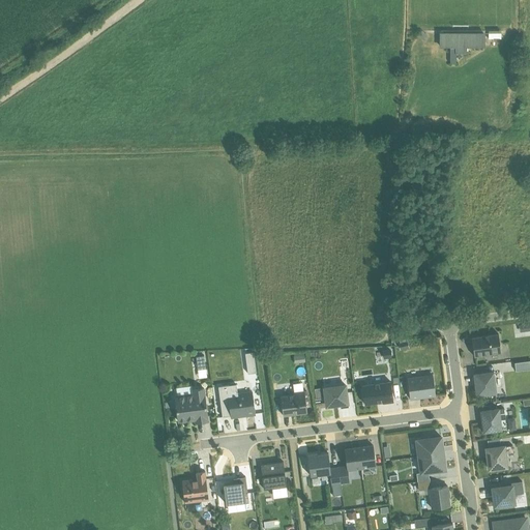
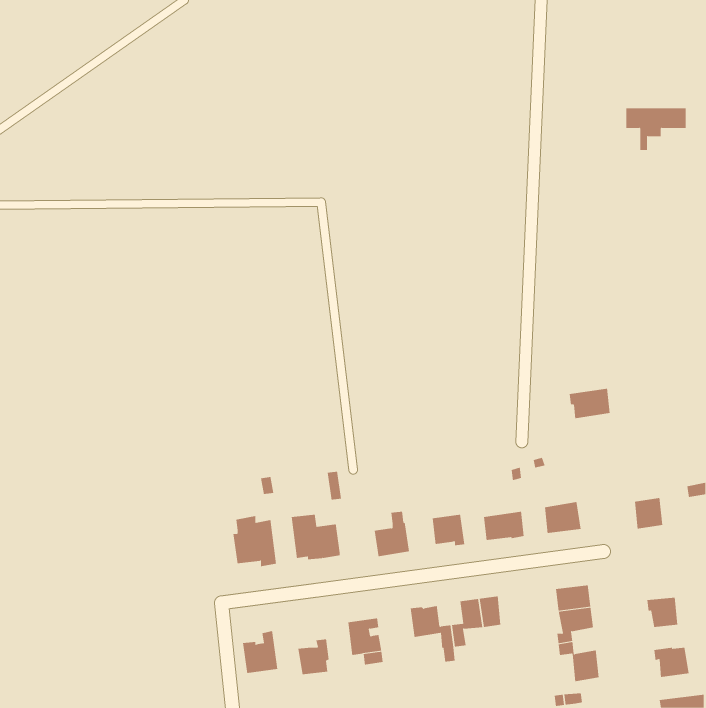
building: [439,32,484,64] -> [626,108,687,151]
building: [469,334,500,357] -> [569,388,610,419]
building: [480,408,504,432] -> none

